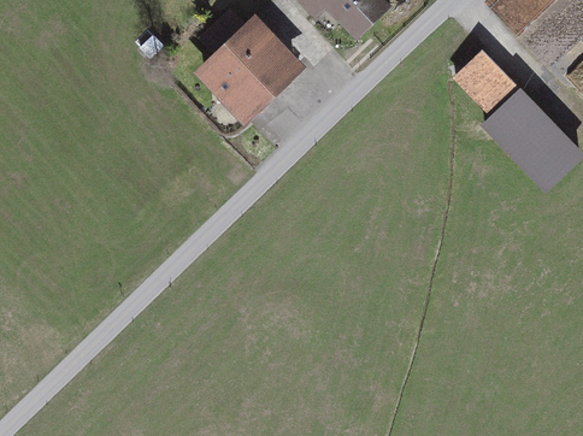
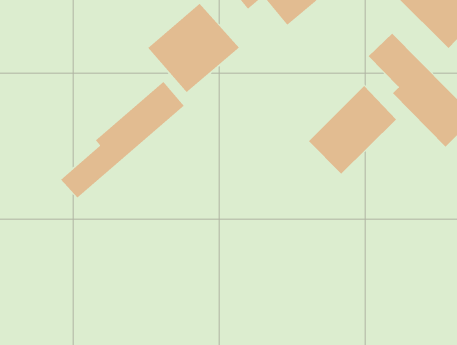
building: none -> [60,81,185,199]
building: none -> [308,85,397,174]

